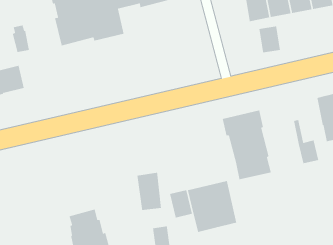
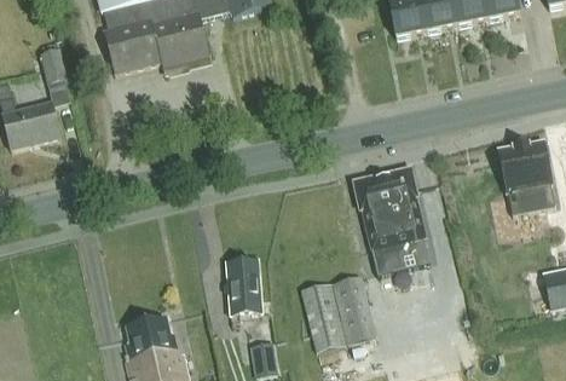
building: [258,25,281,54] -> none
building: [293,119,319,164] -> none
building: [169,189,193,219] -> none

